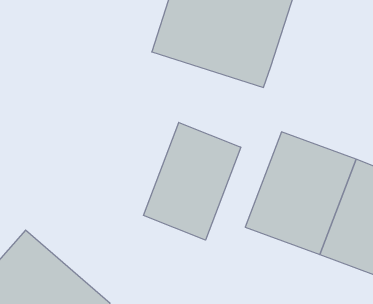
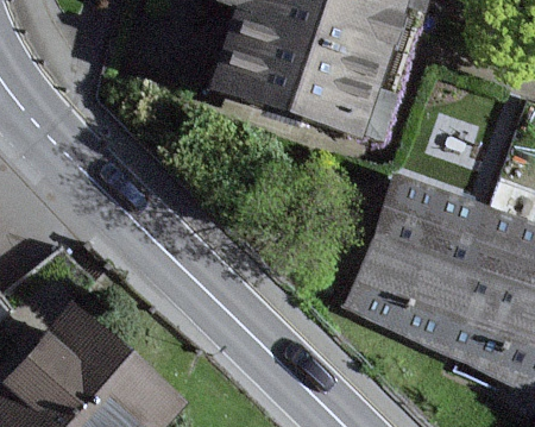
building: [143,122,241,240] -> none

